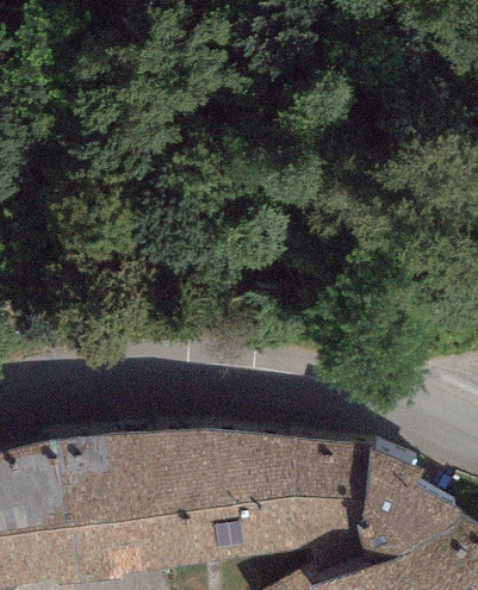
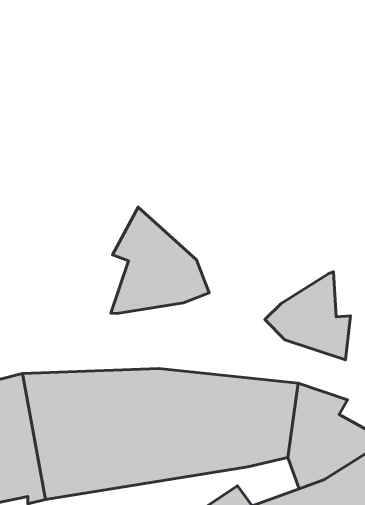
building: none -> [111,207,209,314]
building: none -> [265,272,350,360]

